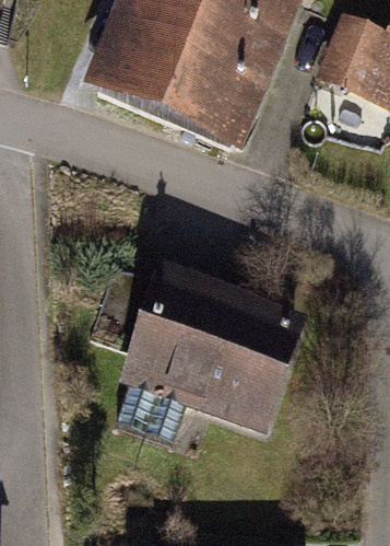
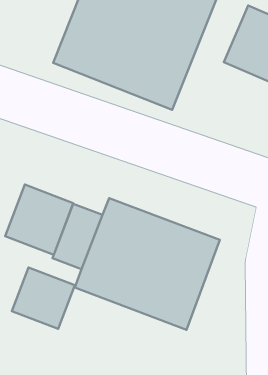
building: none -> [5,185,73,255]
building: none -> [12,268,75,329]

